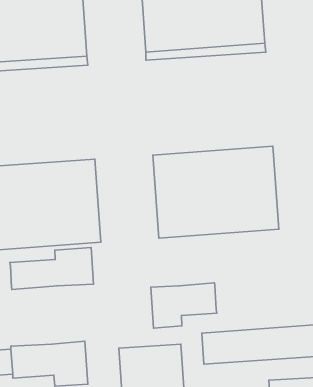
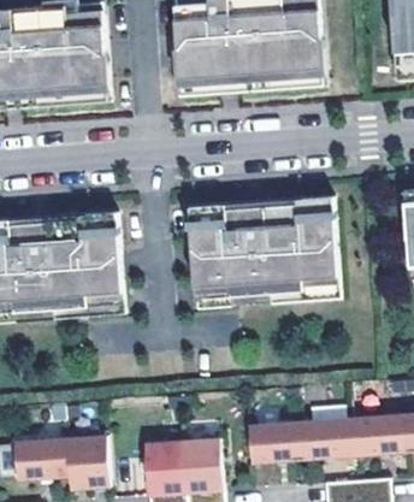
building: [10,247,94,290] -> none
building: [151,283,217,328] -> none

